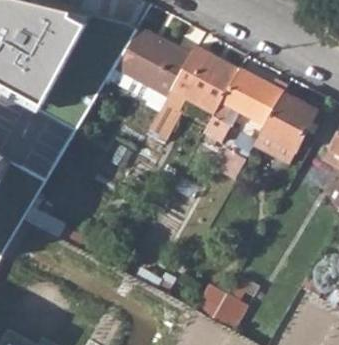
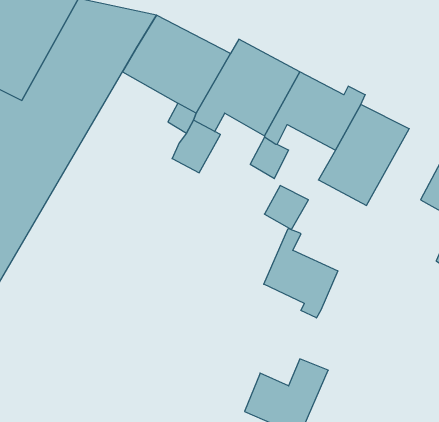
building: none -> [264,229,338,318]

